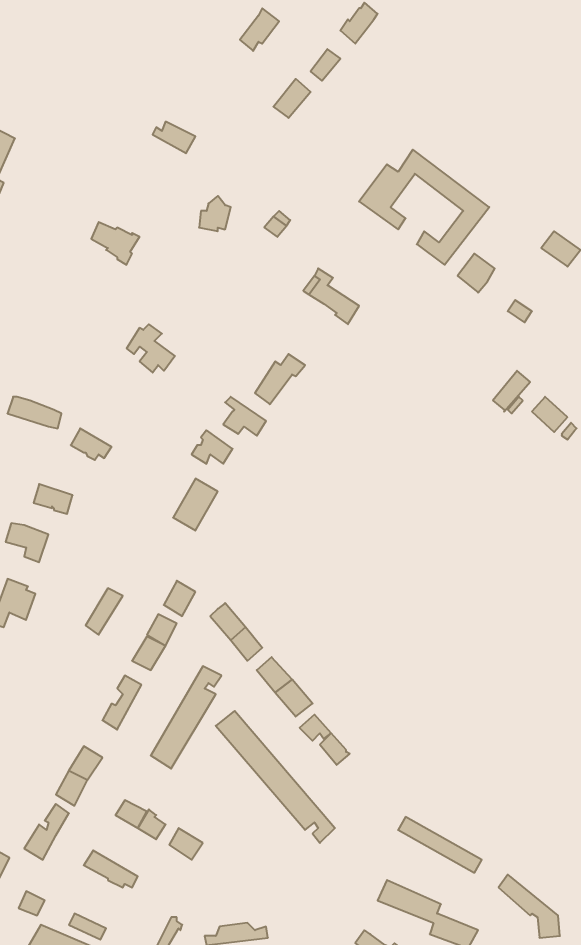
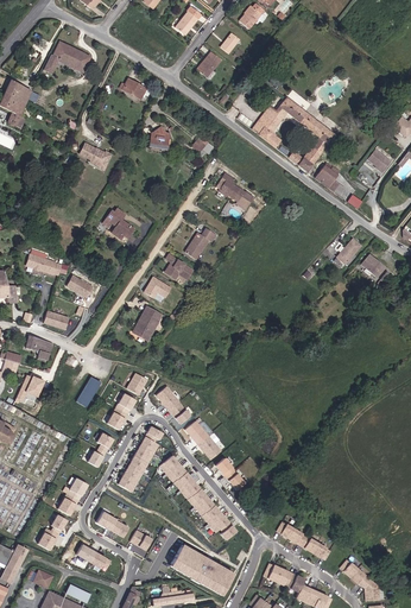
building: none -> [44,40,91,72]
building: none -> [170,544,234,594]

